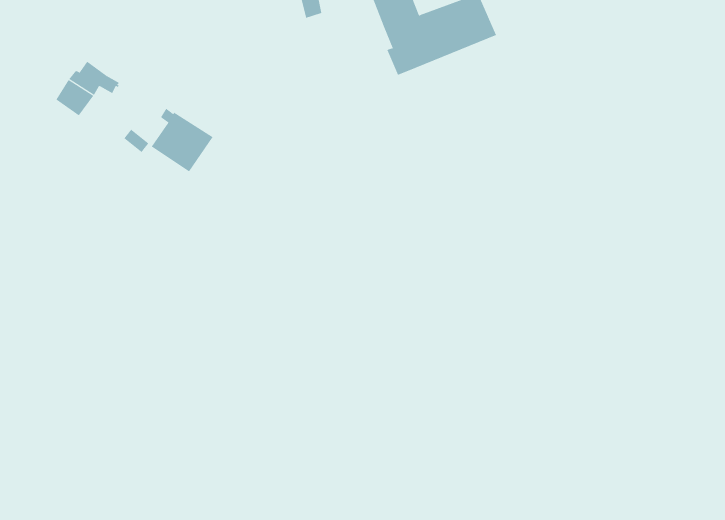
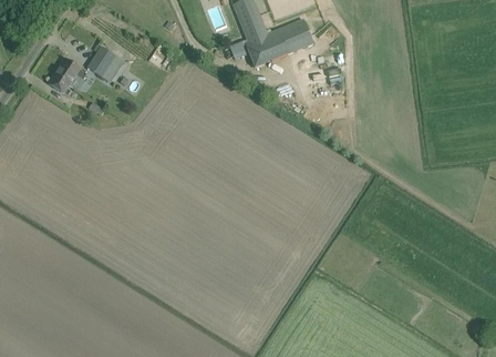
building: [151,108,213,172] -> [87,42,125,81]

